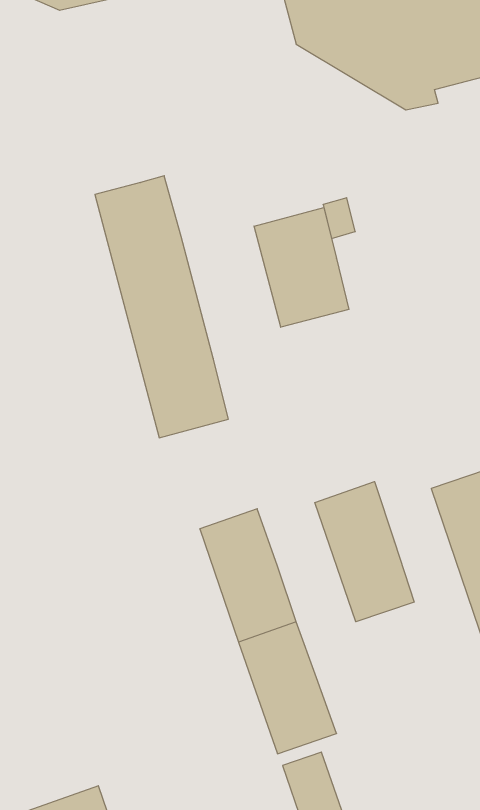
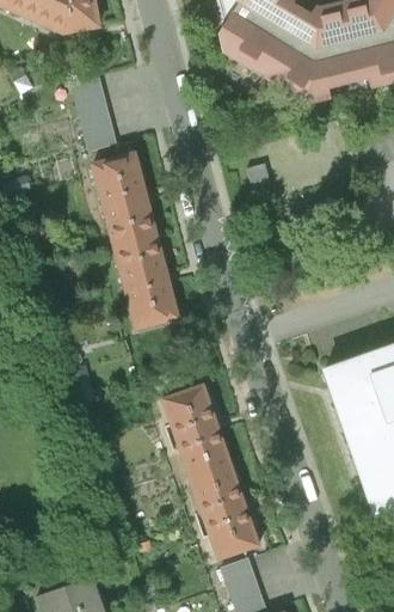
building: none -> [67,76,119,161]
building: [254,207,349,327] -> none
building: [315,482,414,622] -> none

